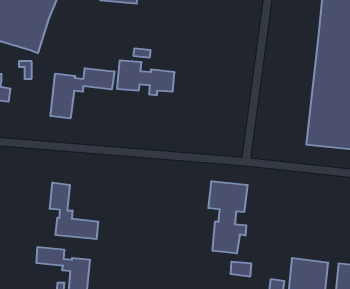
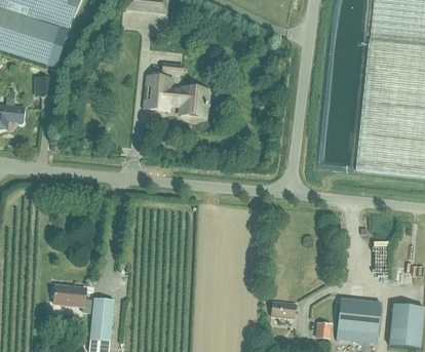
building: [51,68,115,118] -> none
building: [208,181,248,254] -> none
building: [50,182,98,239] -> none

